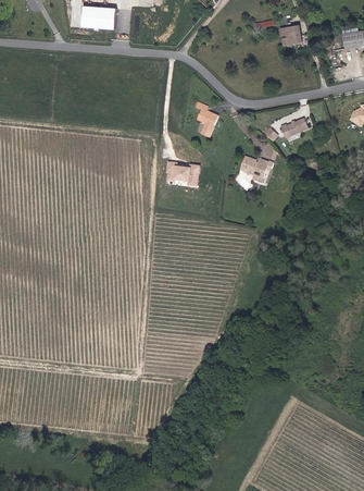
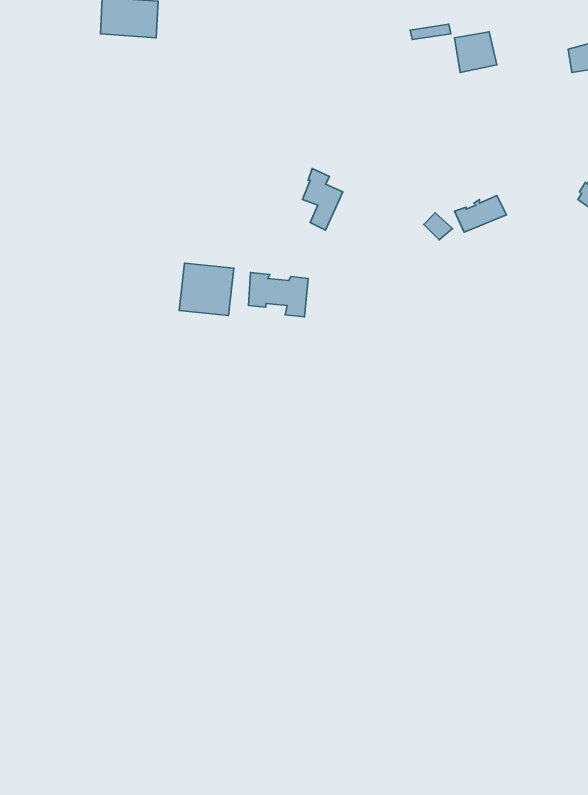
building: [240,156,275,183] -> none
building: none -> [179,263,234,315]

